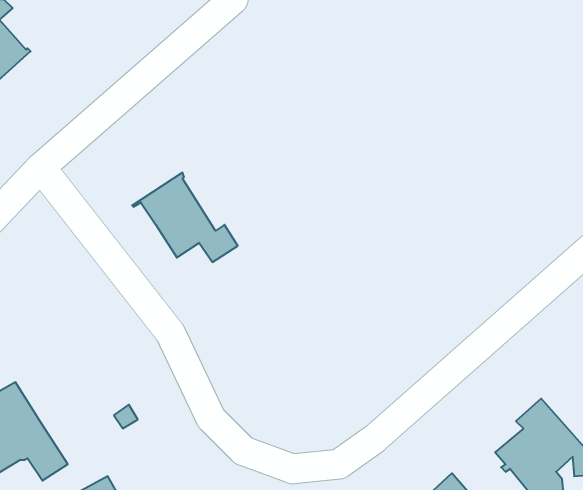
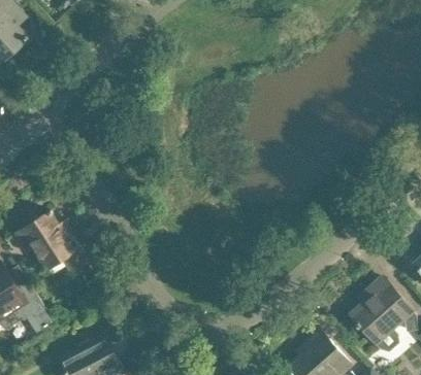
building: [132,173,238,262] -> [17,211,90,273]

